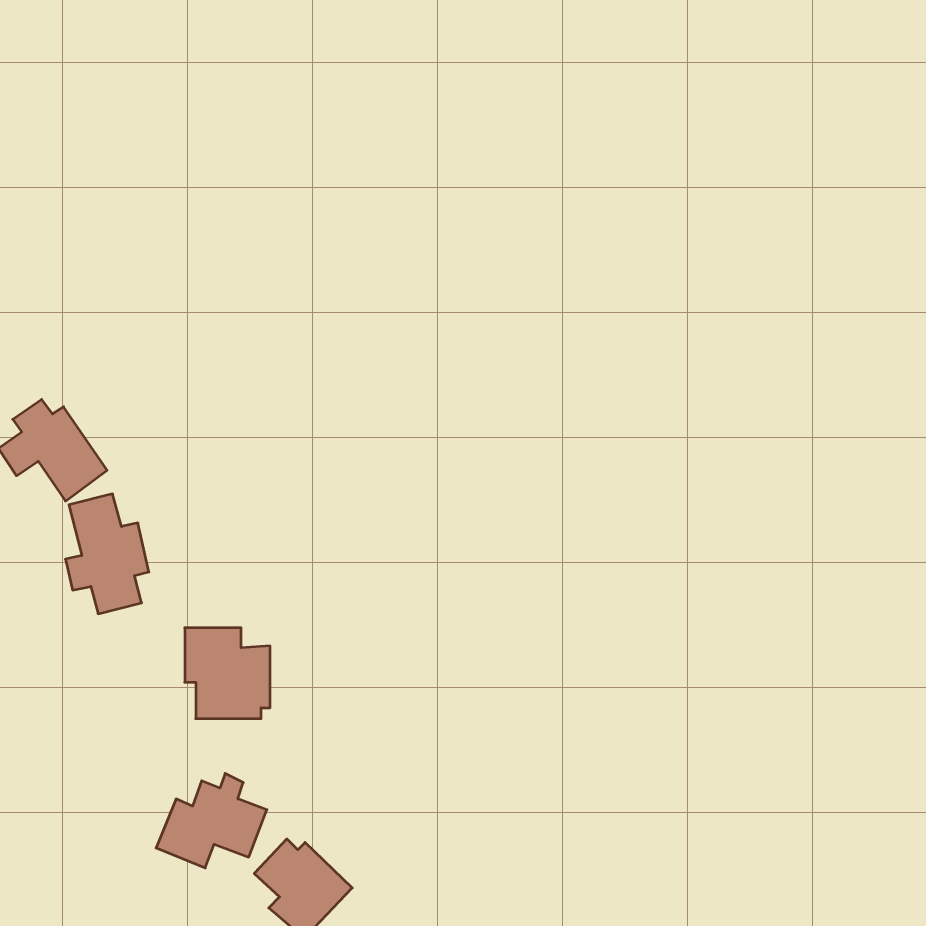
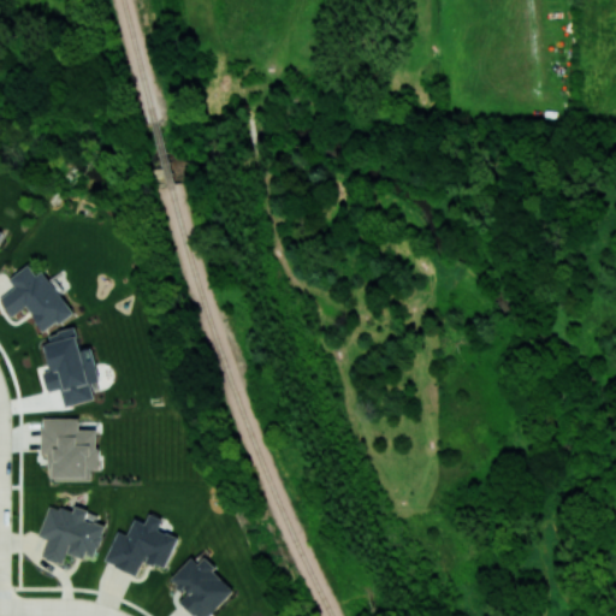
building: [185,628,270,719] -> [41,417,97,478]
building: none -> [38,505,103,564]

